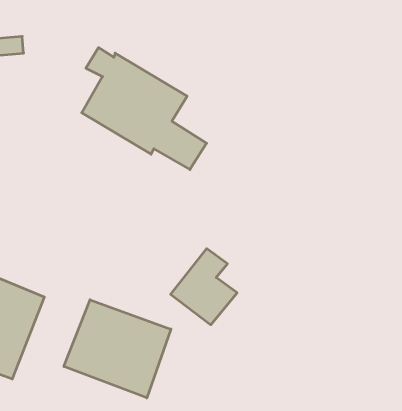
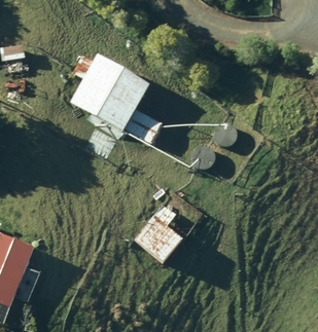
building: [64,300,171,398] -> none

